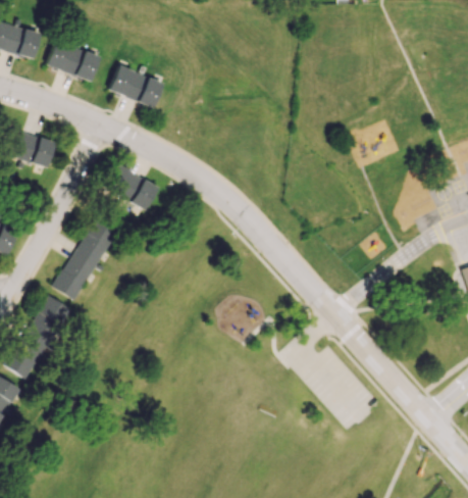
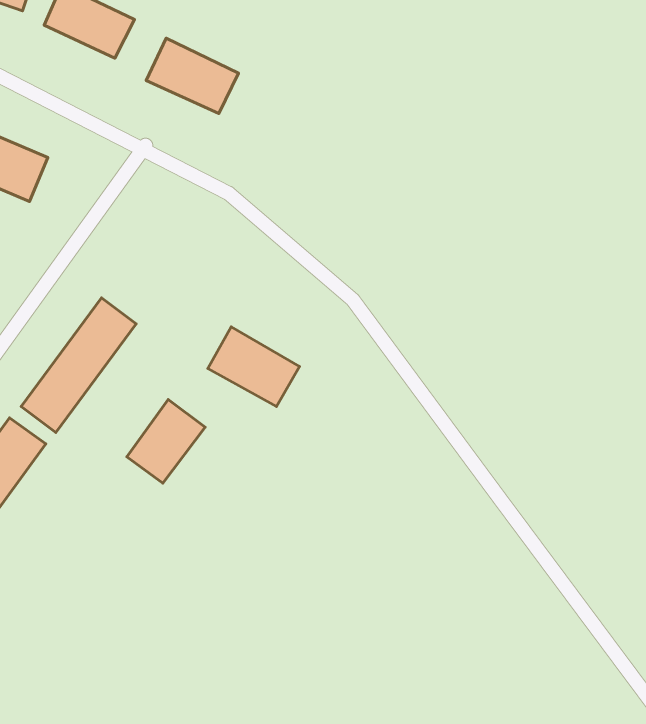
building: [106,165,159,209] -> [208,327,300,407]
building: none -> [127,400,205,483]

